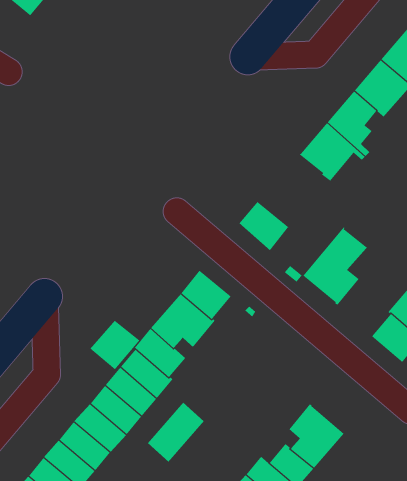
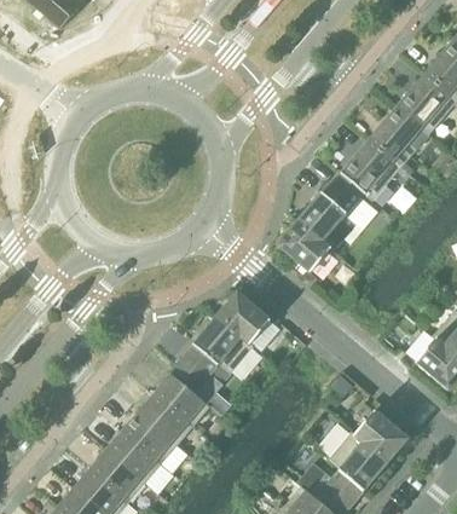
building: [303,227,368,306] -> [296,169,364,252]
building: [90,320,140,370] -> none
building: none -> [353,409,407,462]
building: [147,402,204,462] -> none

